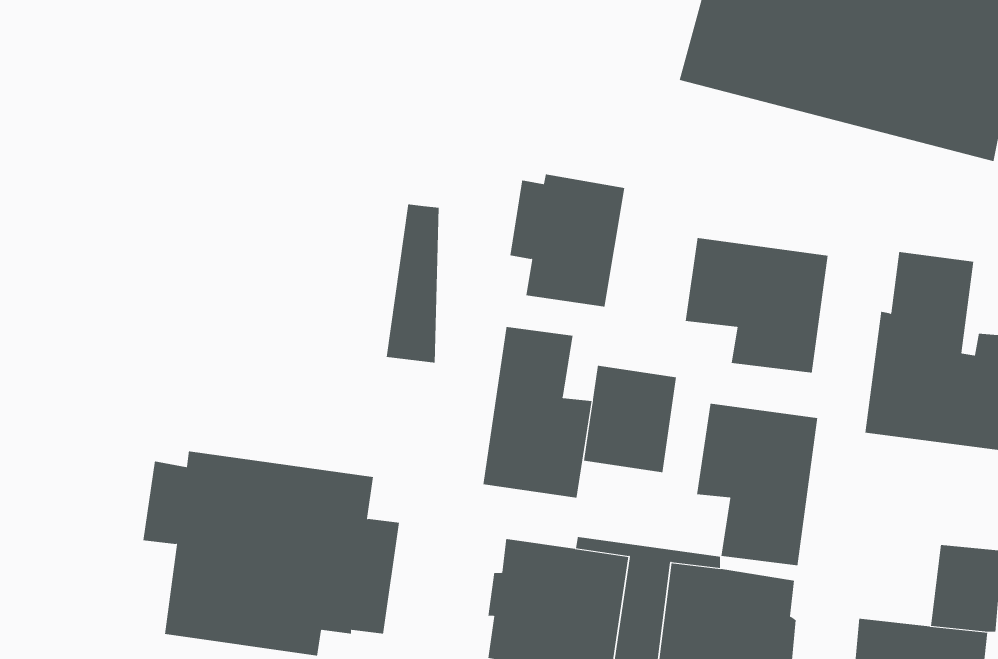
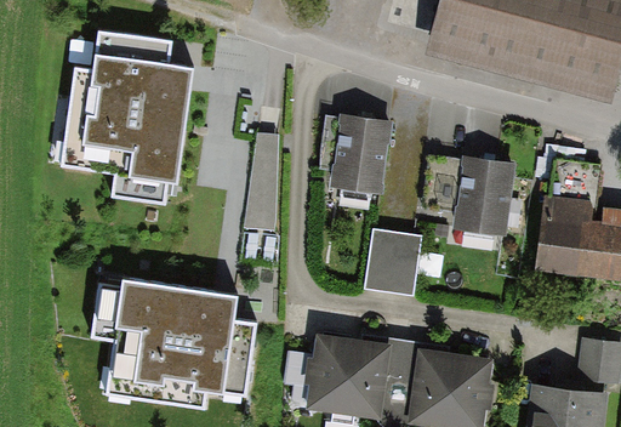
building: none -> [59,33,194,201]
building: [483,326,592,499] -> none
building: [697,403,818,566] -> none

